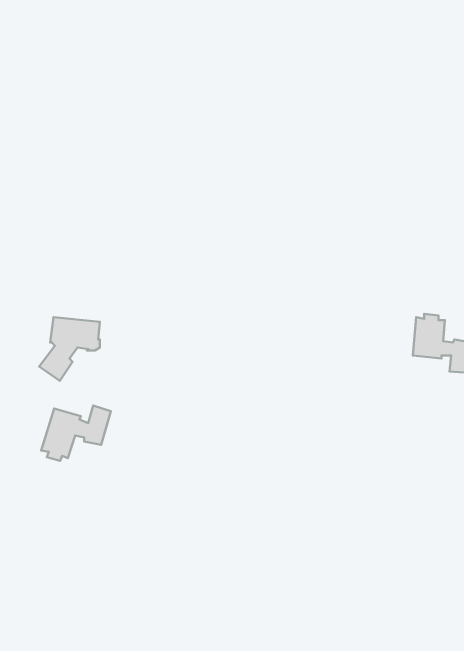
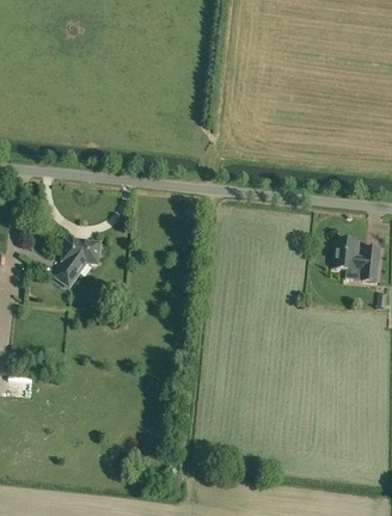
building: [41,406,111,461] -> none

